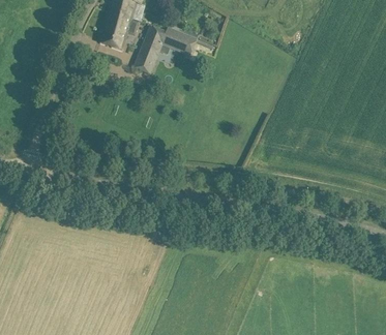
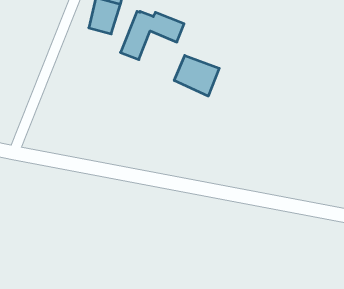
building: none -> [174,55,219,96]

